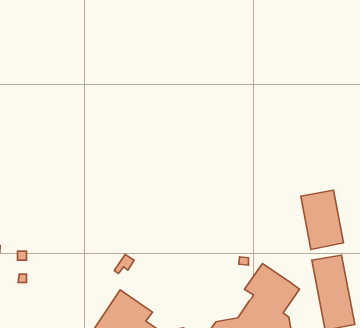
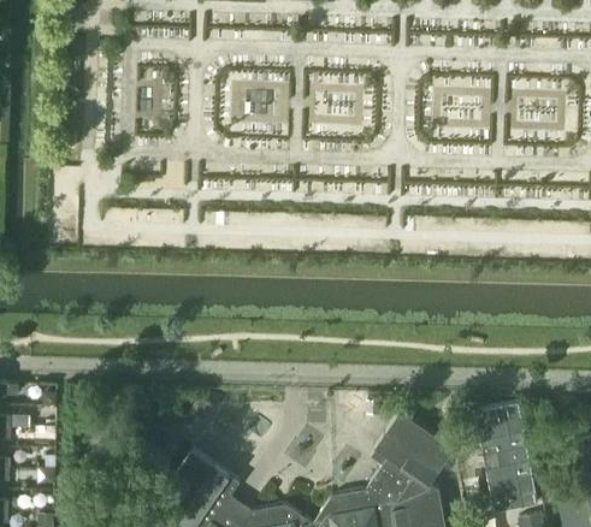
building: [301,190,343,250] -> none

